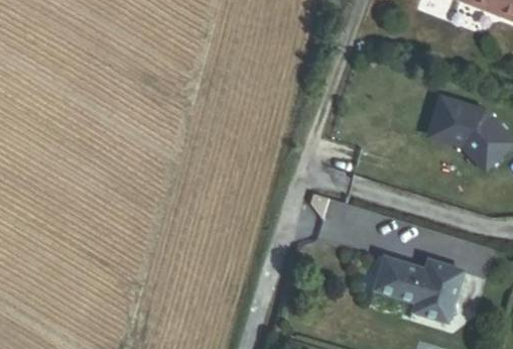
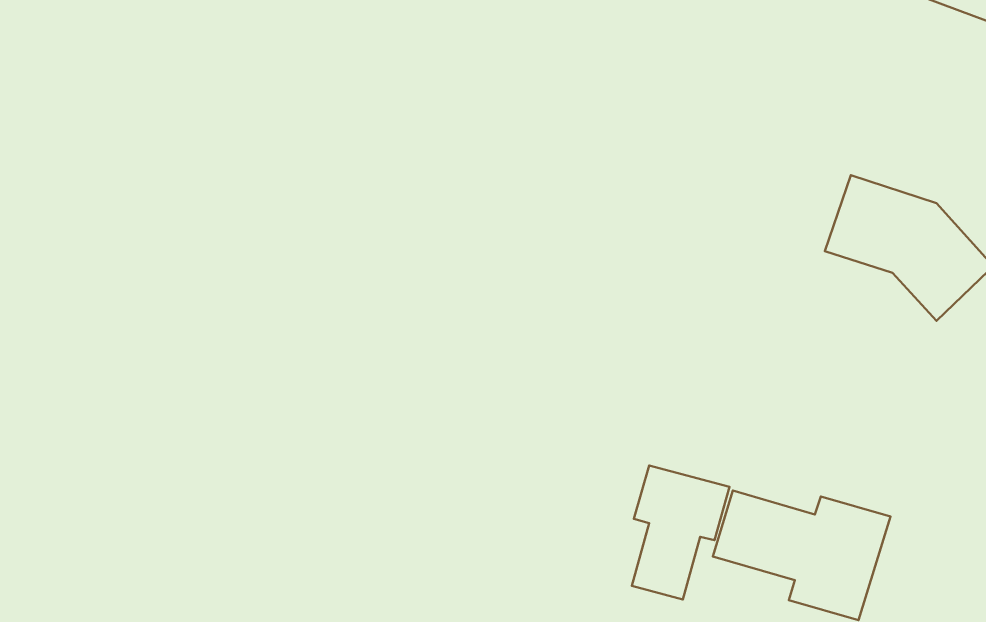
building: none -> [632,466,730,599]

